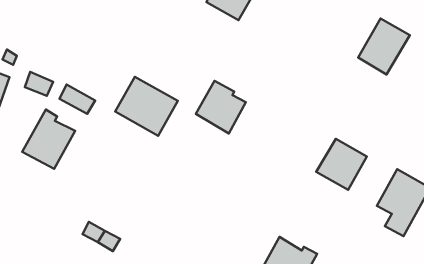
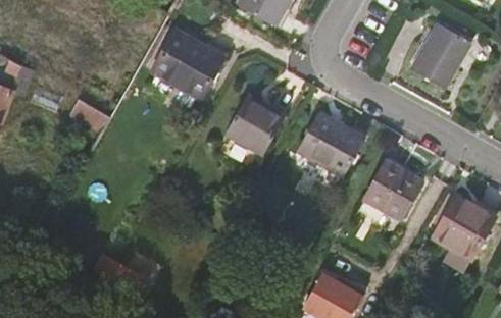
building: [115,77,178,136] -> [152,31,223,98]
building: none -> [296,111,364,177]
building: [22,110,75,169] -> none

